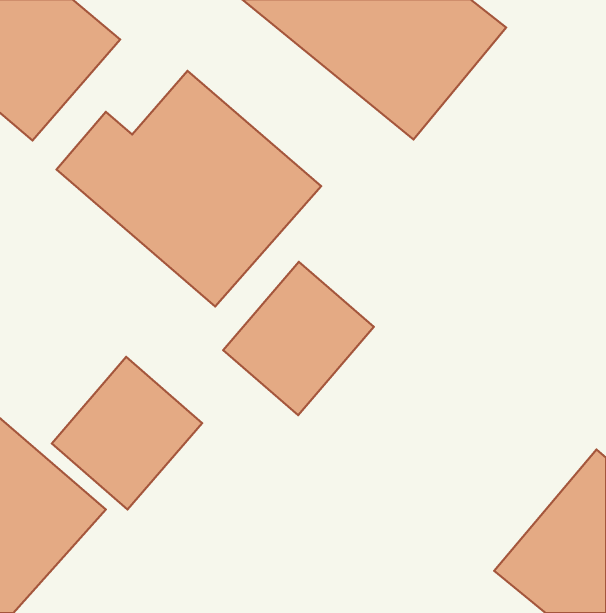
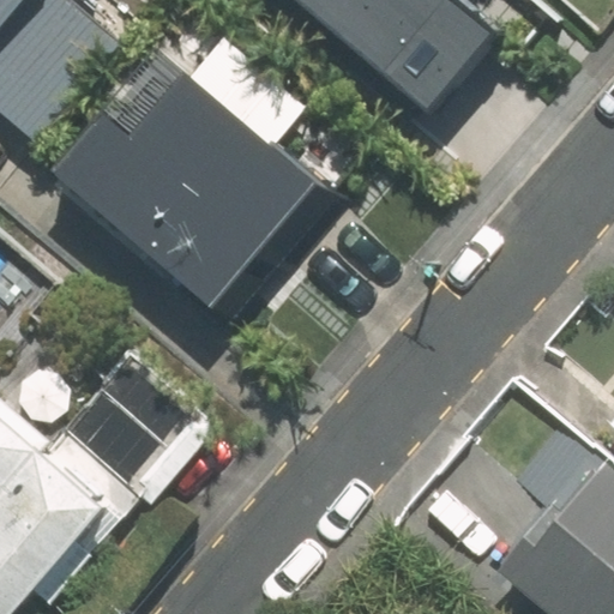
building: [223,262,374,415] -> none

